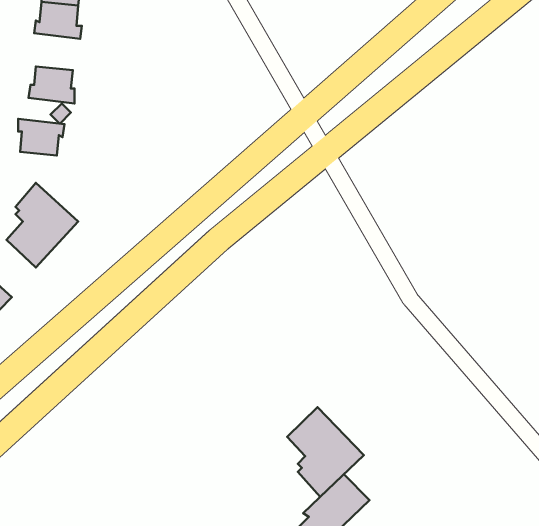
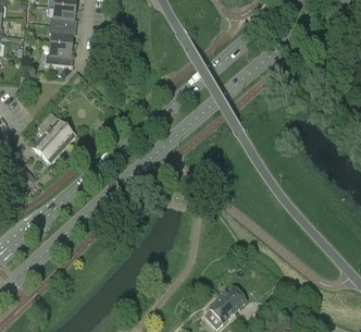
building: [18,119,64,156] -> [49,24,76,46]
building: [287,407,364,497] -> none

